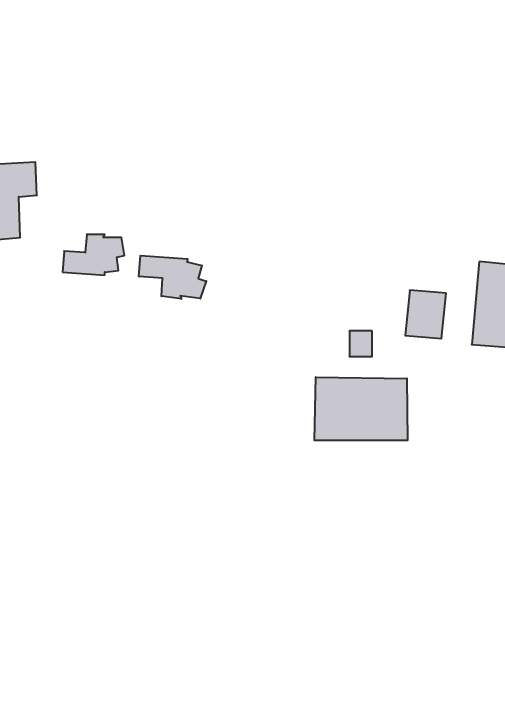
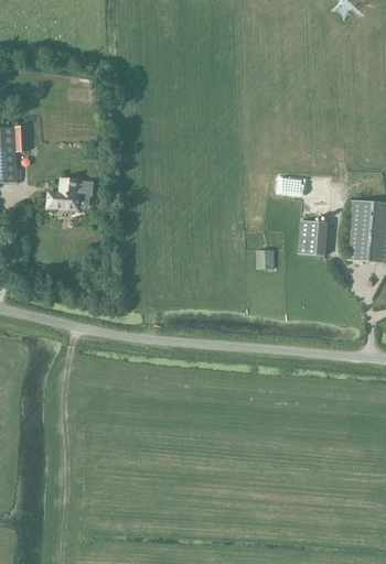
building: [139,256,206,299] -> none
building: [314,377,408,440] -> none

